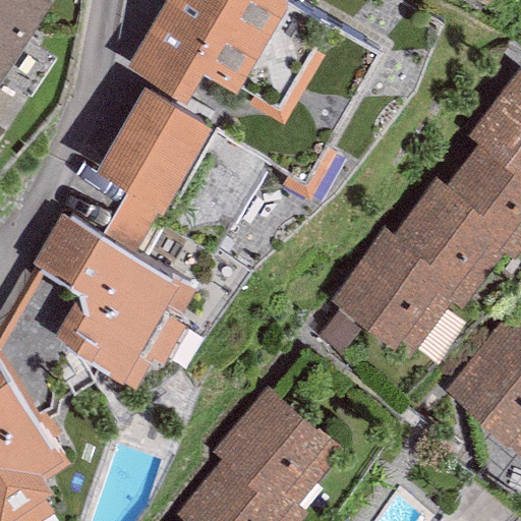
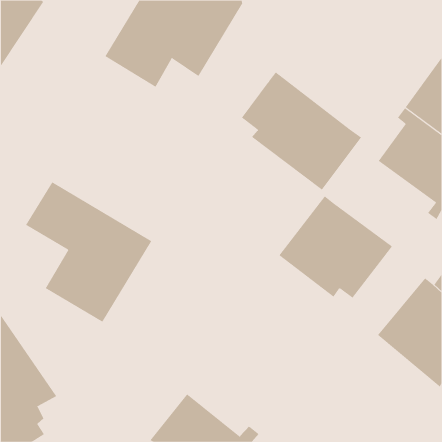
building: none -> [241,71,362,190]
building: [94,85,212,211] -> none
building: [392,181,512,308] -> none
building: [211,386,340,513] -> none

